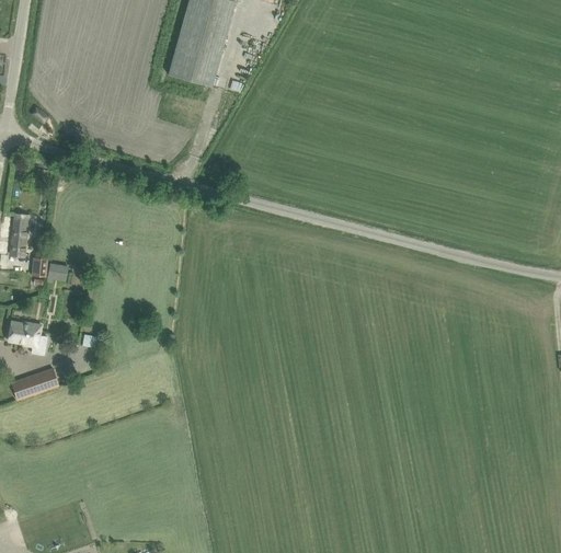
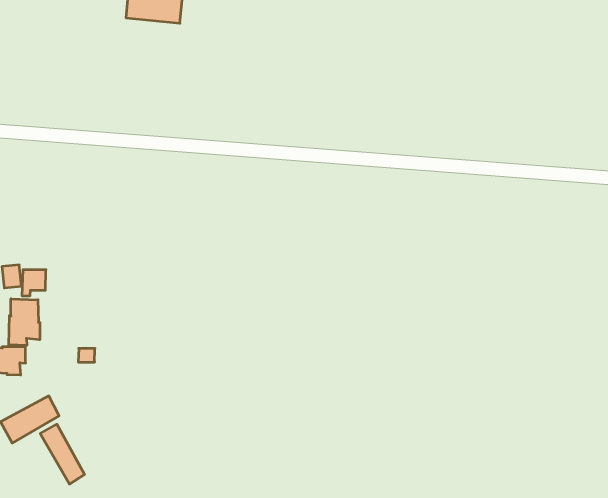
building: none -> [9,299,40,345]
building: none -> [40,424,84,484]

